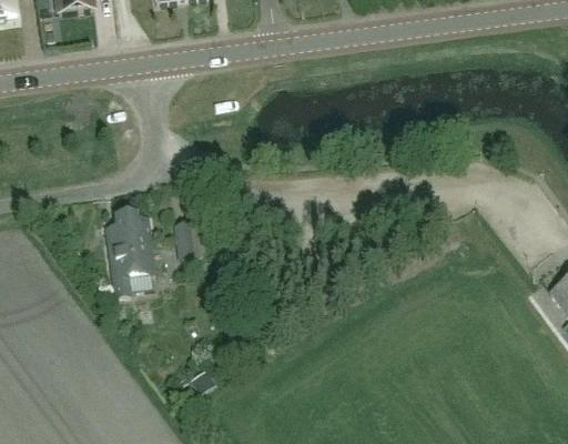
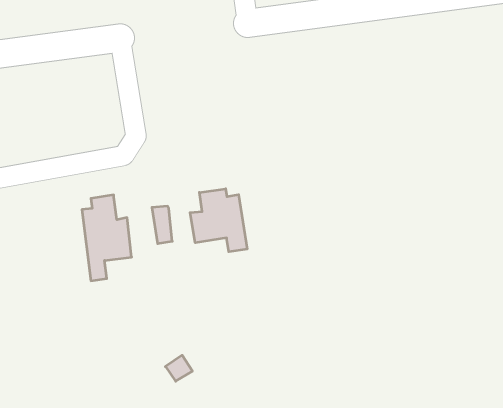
building: none -> [190,189,247,252]

